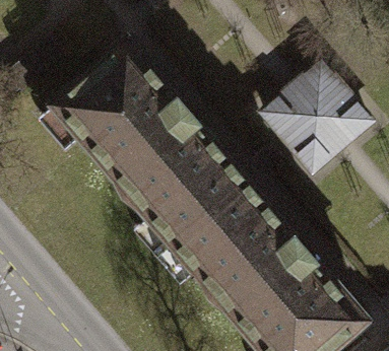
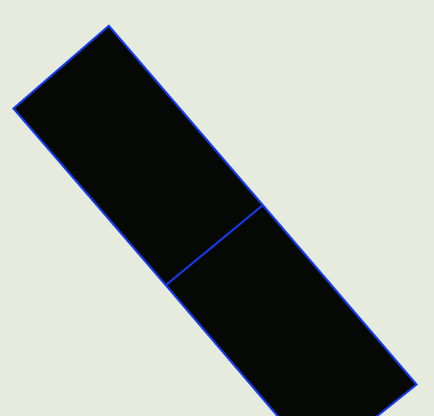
building: [260,60,375,174] -> none

